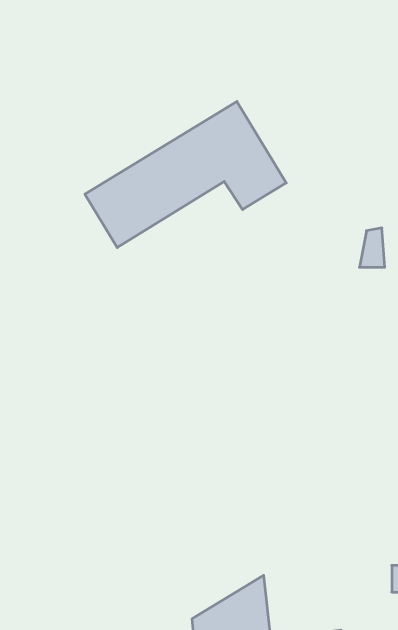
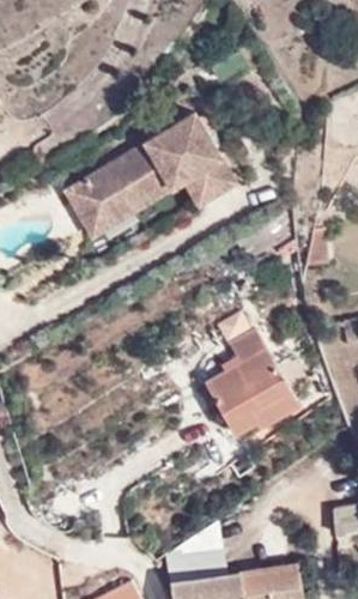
building: none -> [205,329,296,434]

